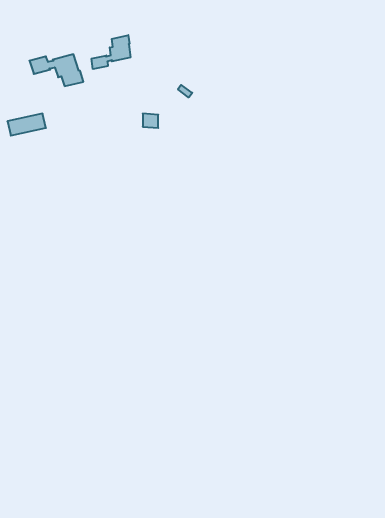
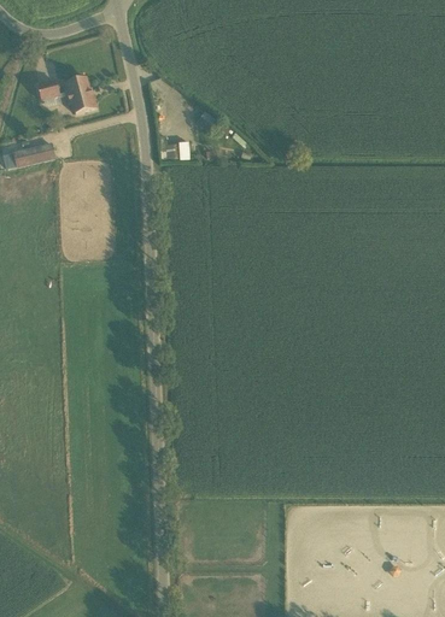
building: [92,35,130,69] -> none

